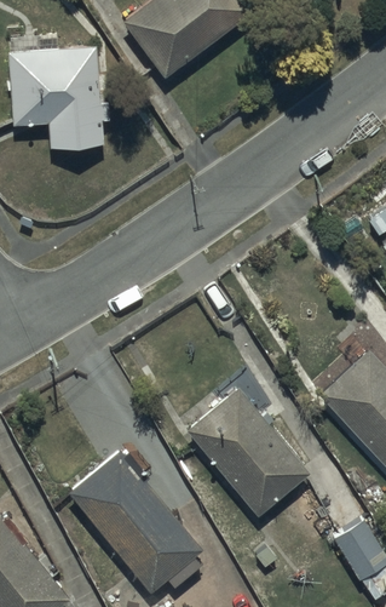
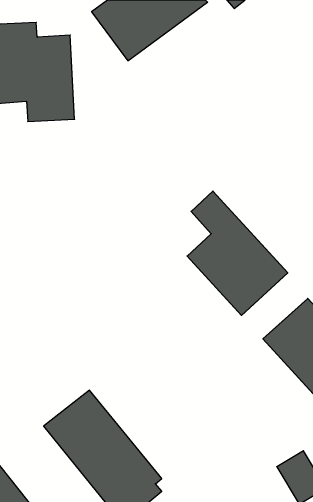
building: none -> [187,191,288,315]
building: [186,386,311,517] -> none

